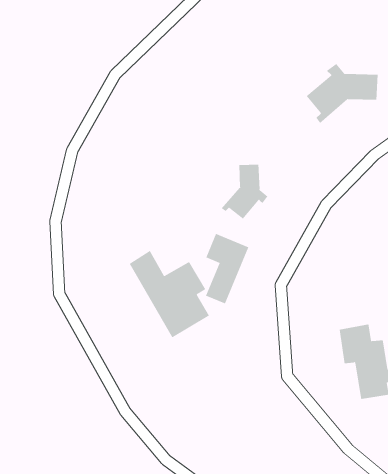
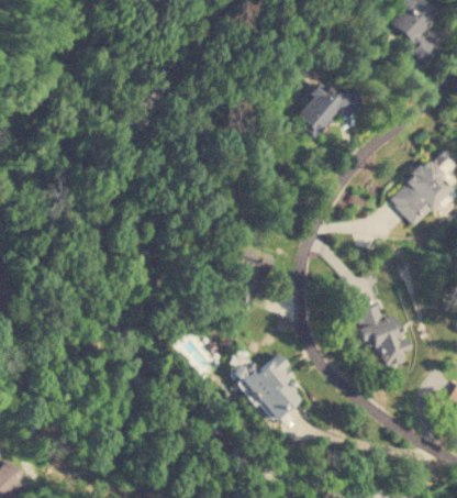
building: [221,164,268,219] -> none
building: [129,250,210,338] -> [225,350,301,422]

